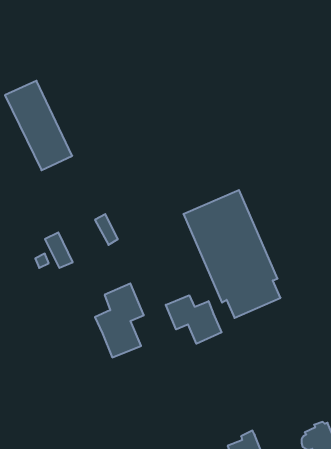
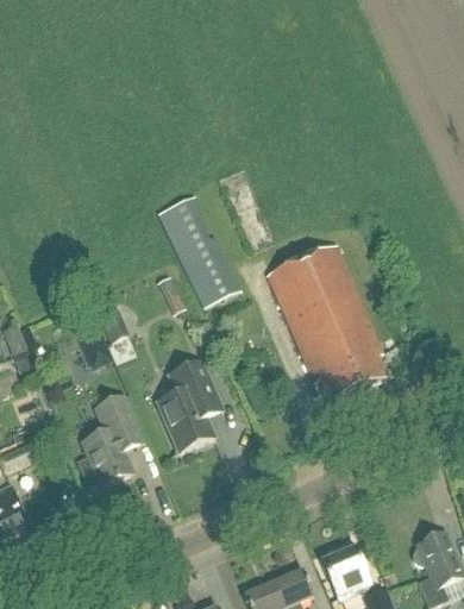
building: [5,81,72,170] -> [157,195,240,306]
building: [166,295,222,344] -> none
building: none -> [79,396,143,485]

